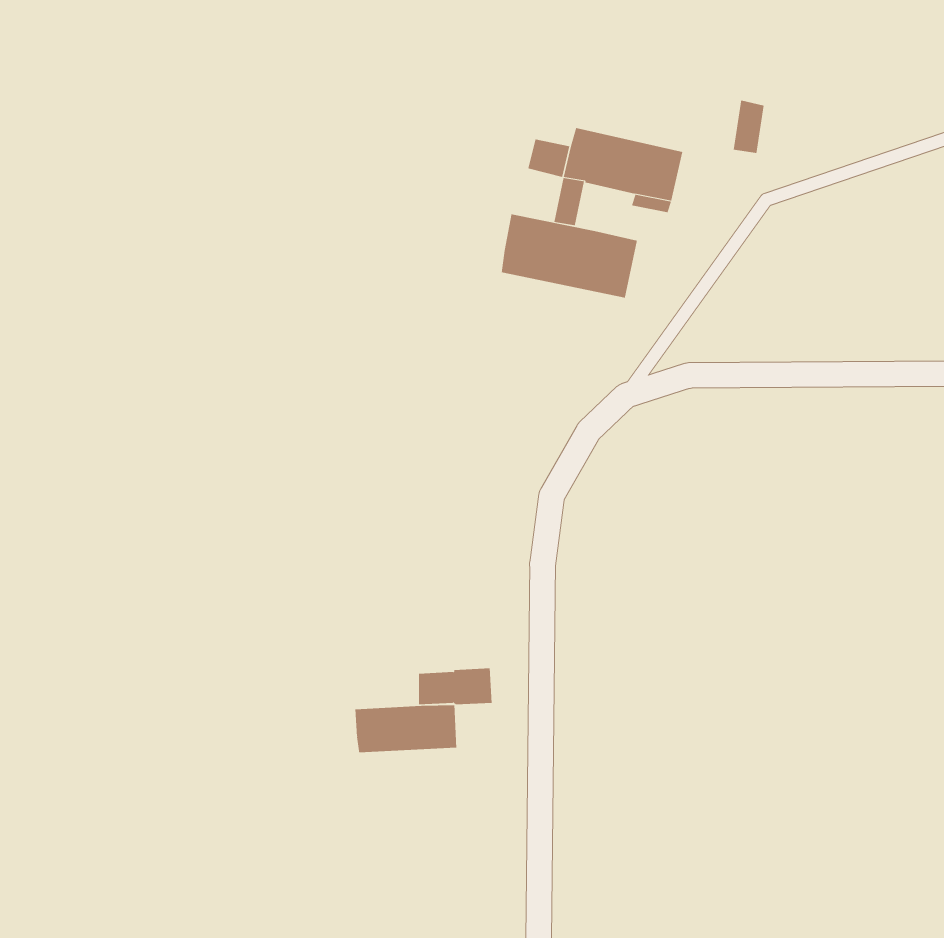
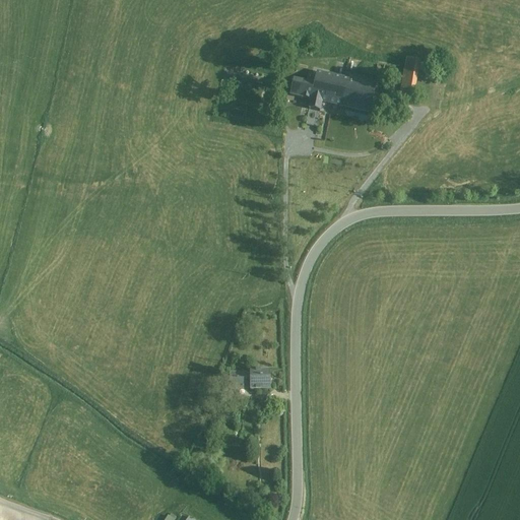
building: [501,214,638,299] -> none
building: [355,704,457,753] -> none

